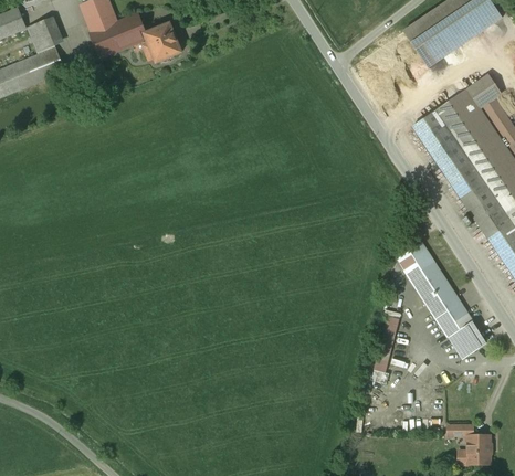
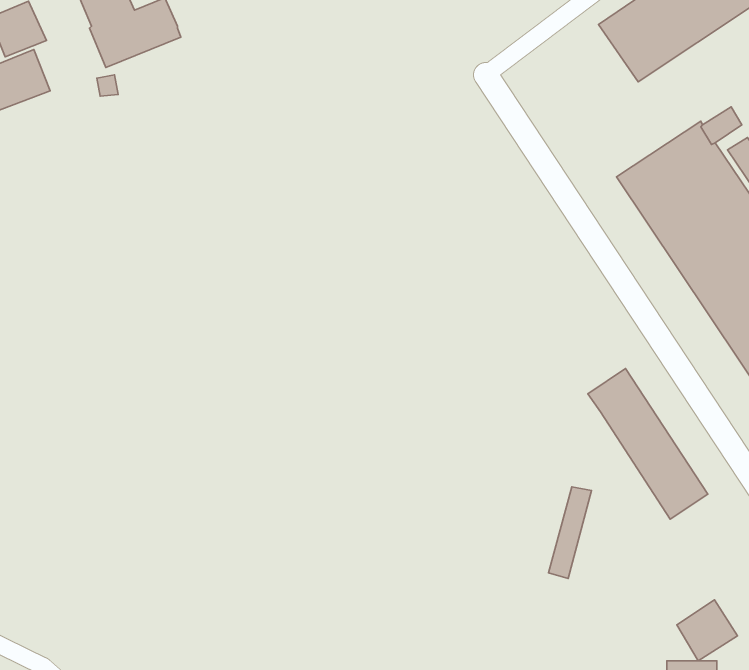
building: [145,22,181,61] -> none
building: [449,319,486,357] -> [677,600,738,661]

